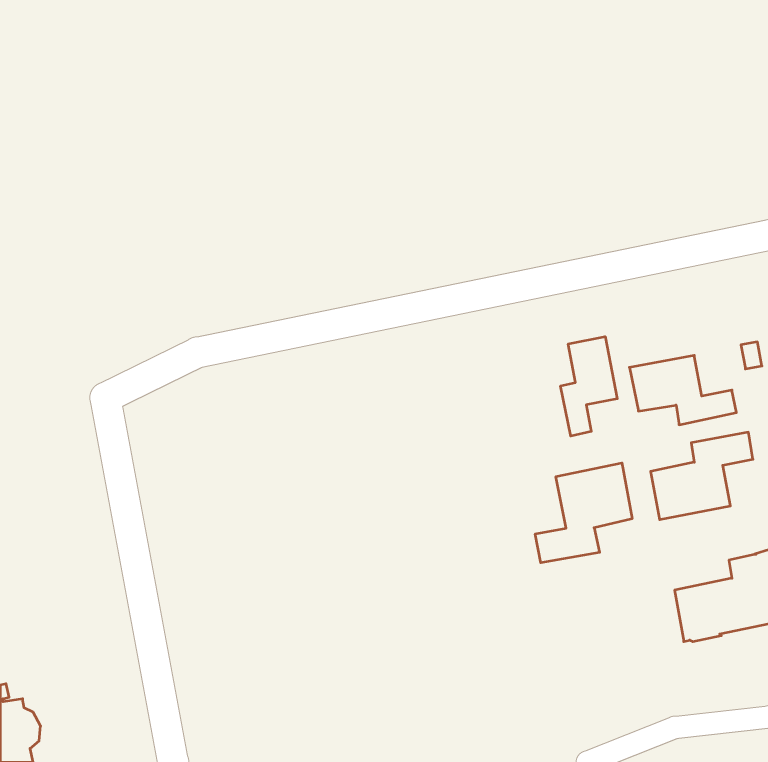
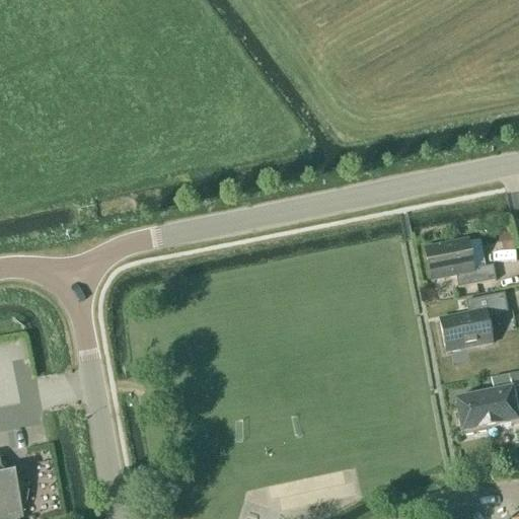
building: [561,337,617,436] -> none
building: [535,463,632,563] -> none

